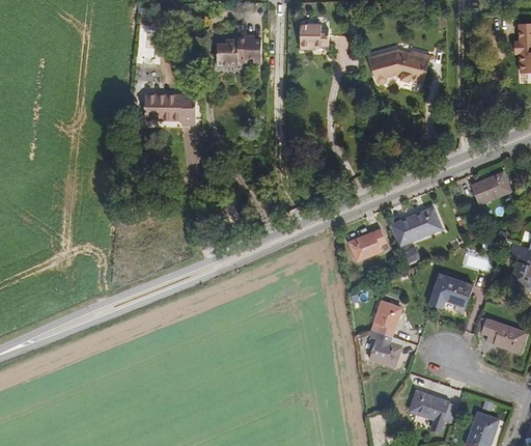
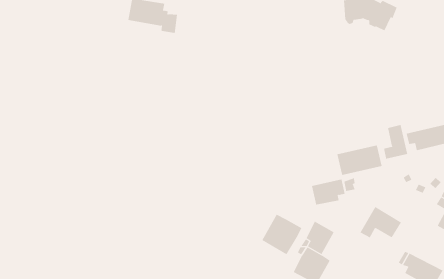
building: none -> [383,124,408,160]
building: [347,227,386,260] -> [311,179,345,205]
building: none -> [261,214,302,255]

